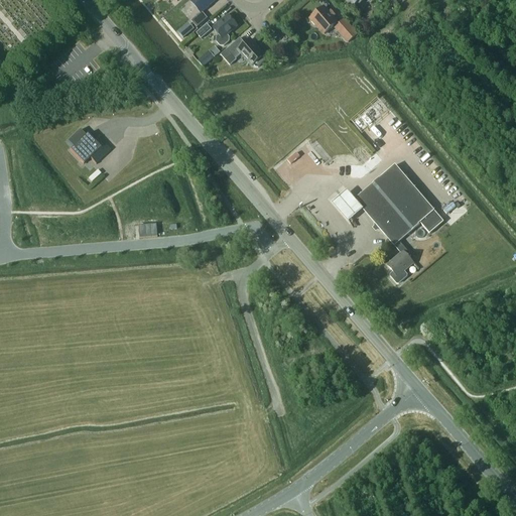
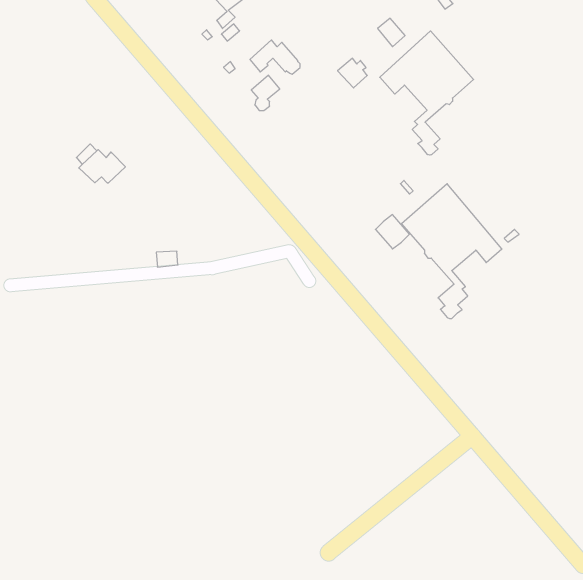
building: [310,5,337,31] -> [338,58,367,88]
building: [213,12,238,43] -> [251,75,280,111]
building: none -> [380,31,474,155]

